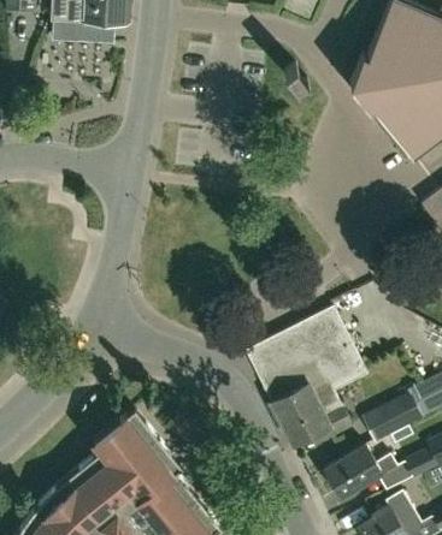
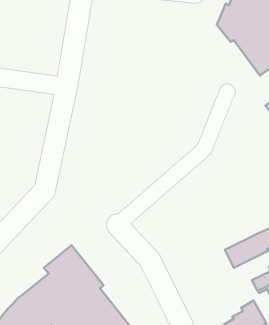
building: [243,304,365,447] -> none
building: [323,446,397,498] -> none

